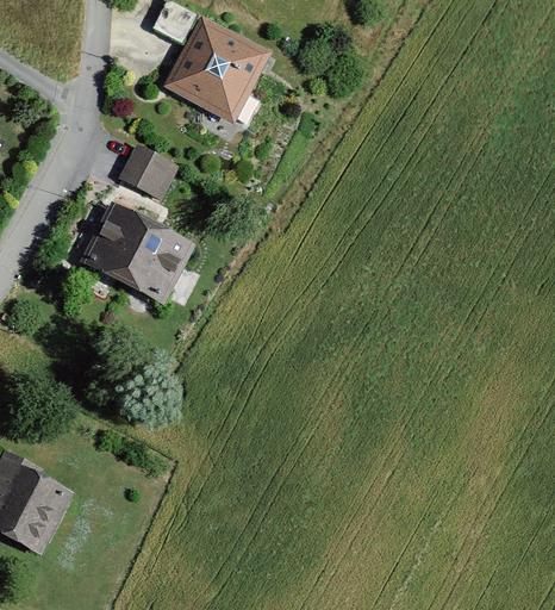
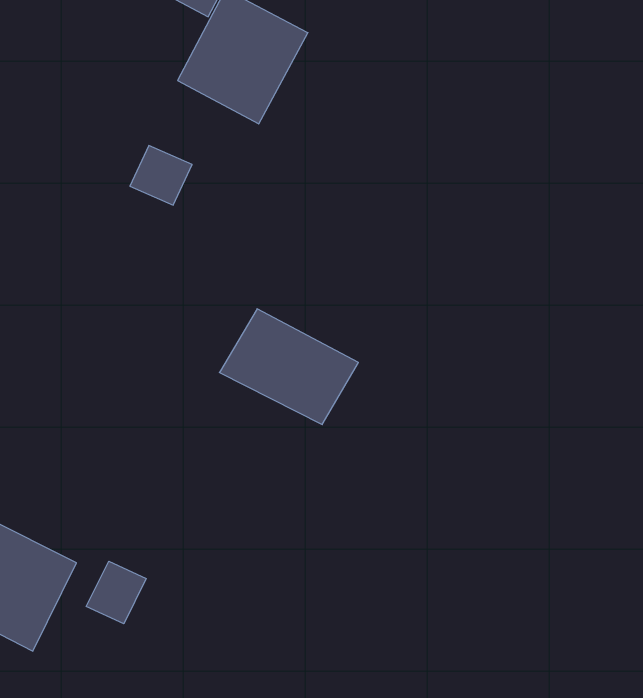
building: [77,207,192,303] -> [219,309,358,425]
building: none -> [86,561,146,624]

